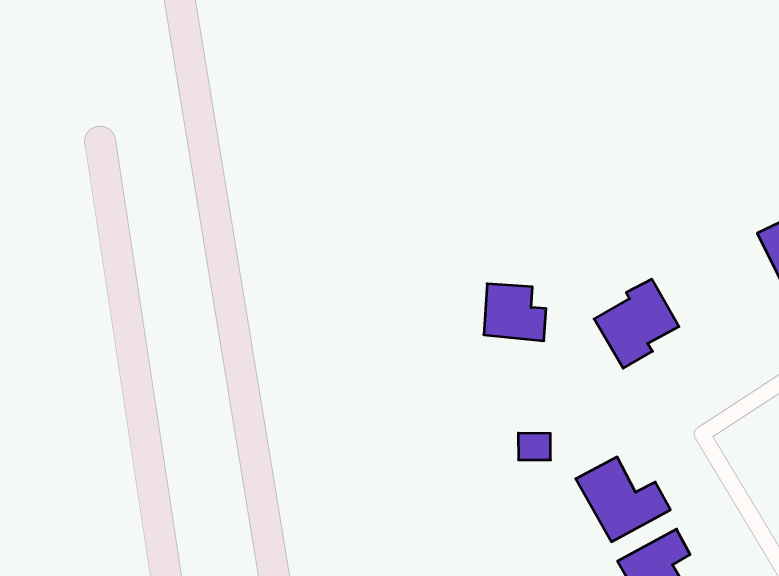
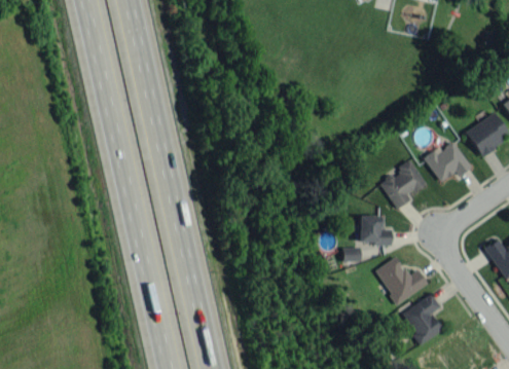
building: none -> [425,141,470,182]
building: [484,284,546,341] -> [359,216,392,245]

